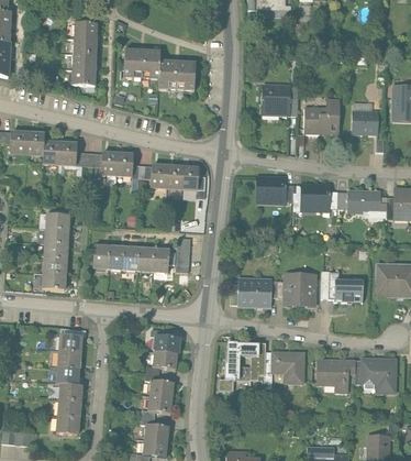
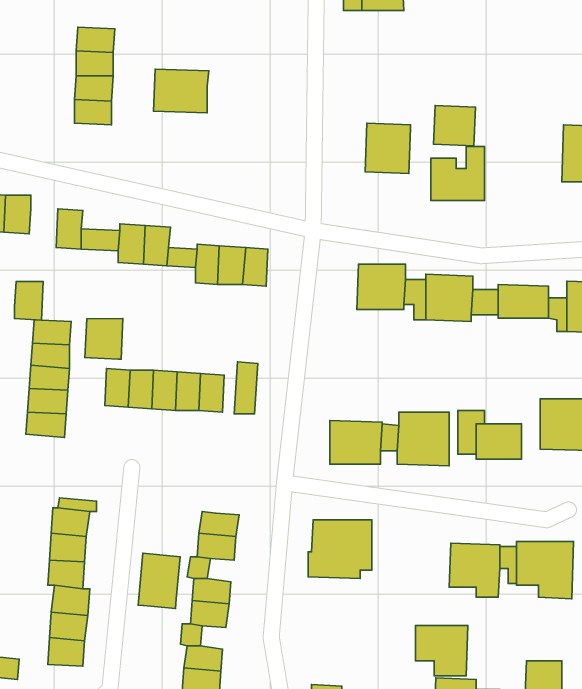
building: [157,58,195,88] -> none
building: [352,109,379,135] -> [433,106,475,146]
building: [42,139,60,164] -> [15,281,43,320]
building: none -> [85,319,123,359]
building: [271,351,306,384] -> [416,626,468,676]
building: none -> [138,553,180,609]

